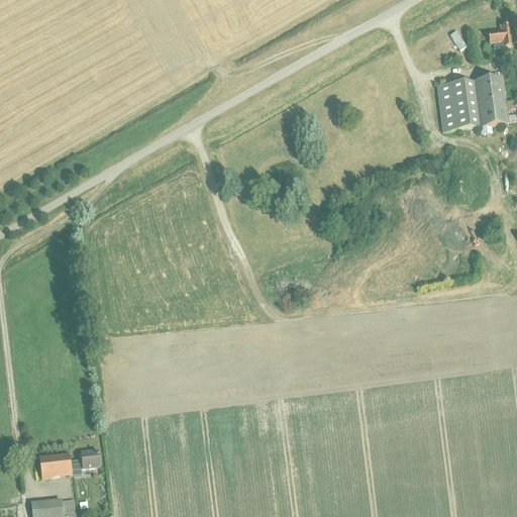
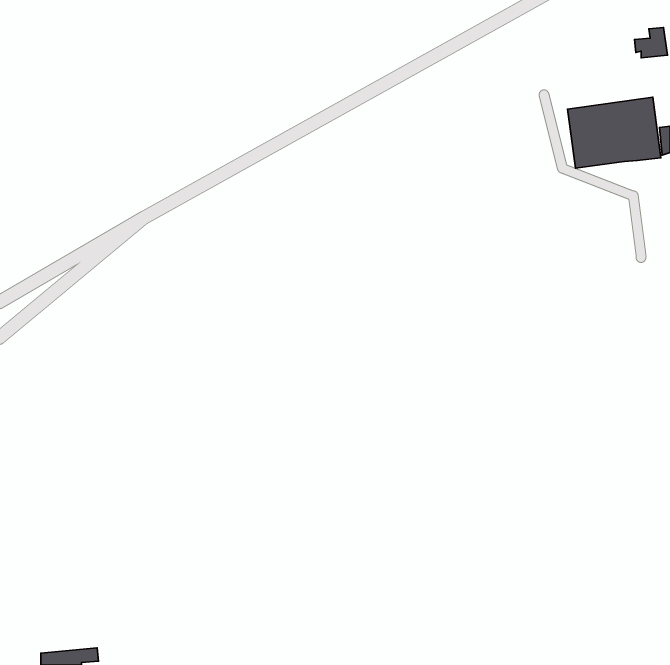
building: [38,449,99,477] -> none

